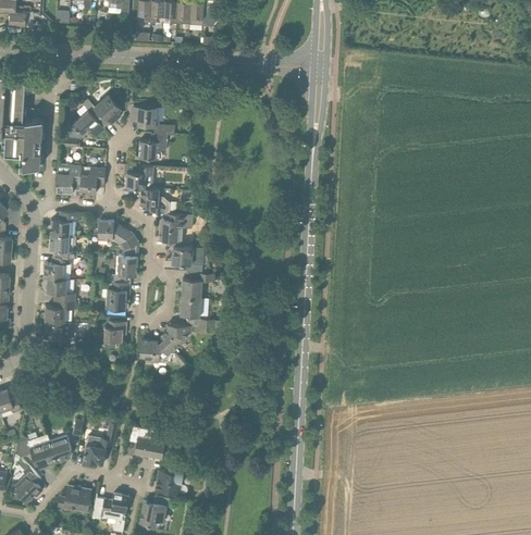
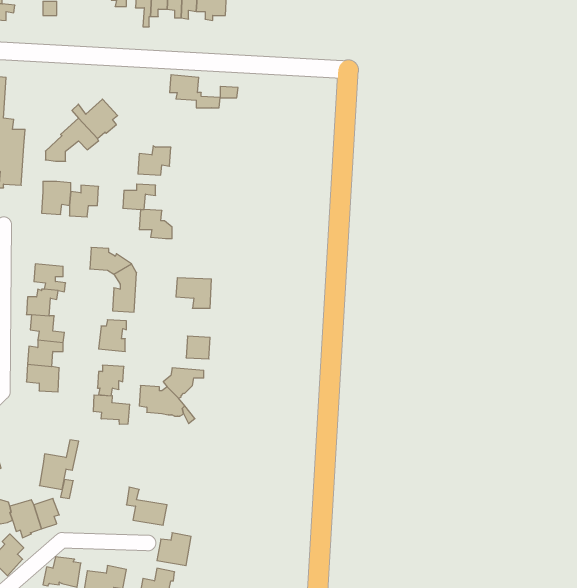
building: [131,107,174,135] -> [170,75,220,108]
building: [50,212,77,237] -> none
building: [159,213,192,240] -> none
building: [181,273,214,298] -> none
building: none -> [93,395,130,424]
building: [83,423,116,465] -> [39,440,79,489]

